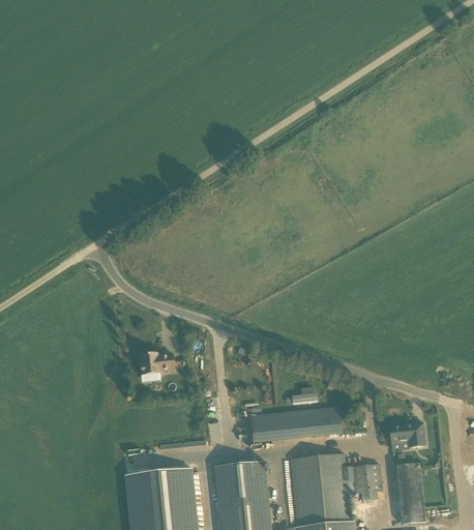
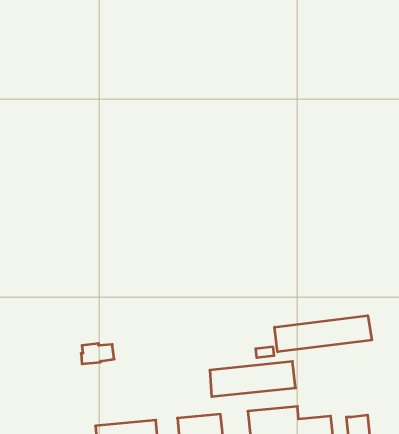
building: [140,351,175,373] -> [81,343,114,364]
building: none -> [275,316,372,352]
building: [388,424,415,444] -> none

